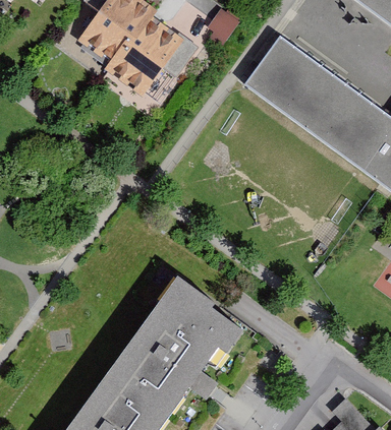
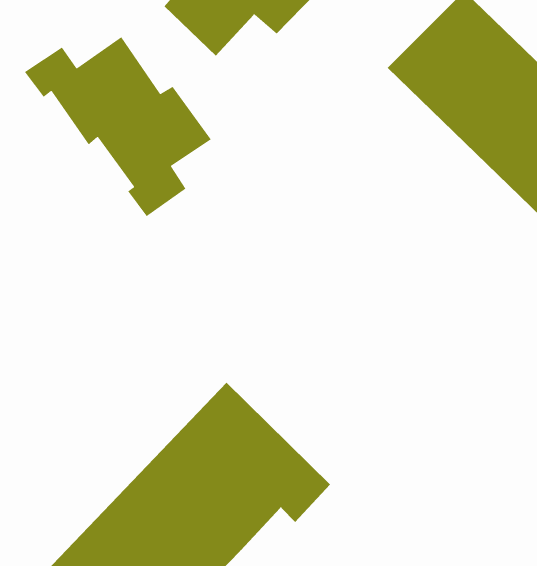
building: none -> [24,36,212,217]

